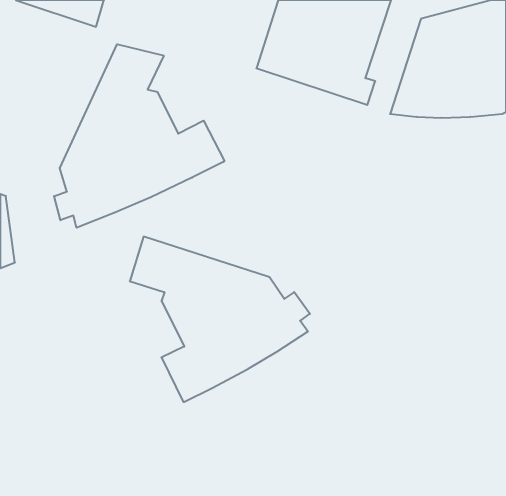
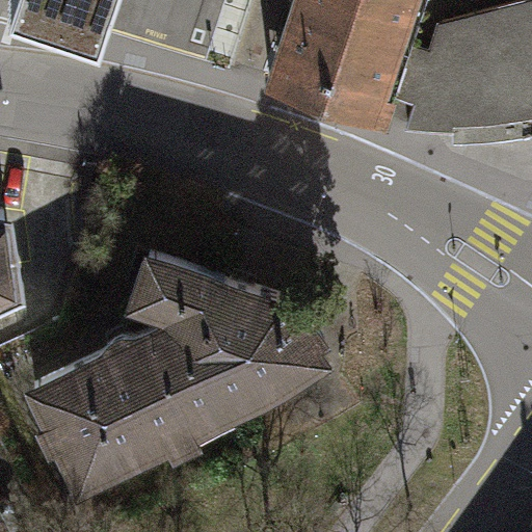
building: [54,44,224,228] -> none
building: none -> [35,326,198,485]

